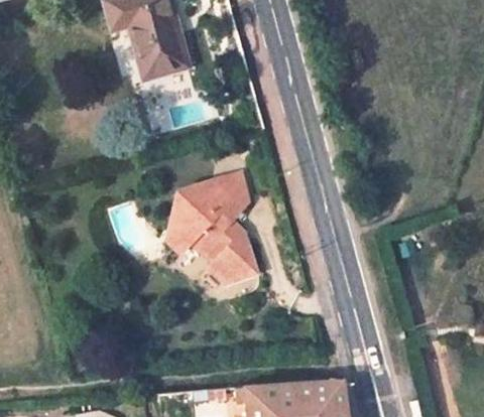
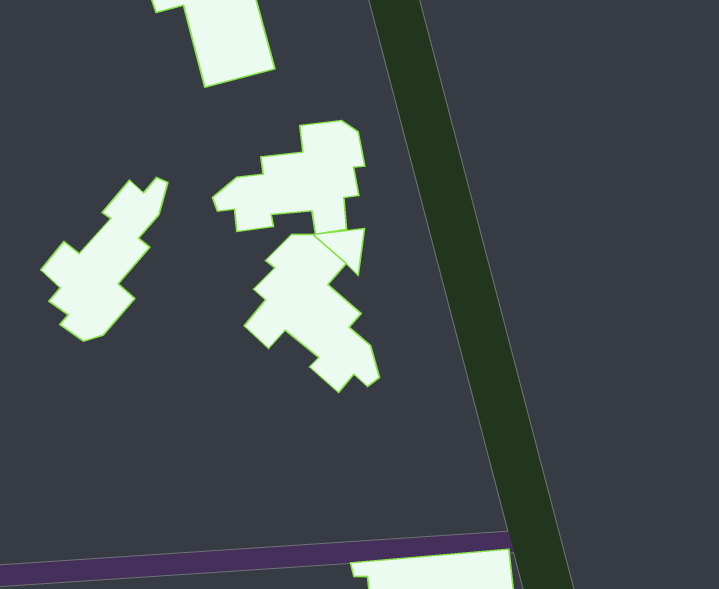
building: none -> [213,121,365,234]
building: none -> [41,177,168,341]

